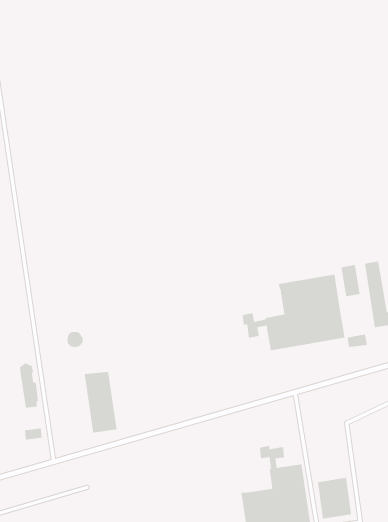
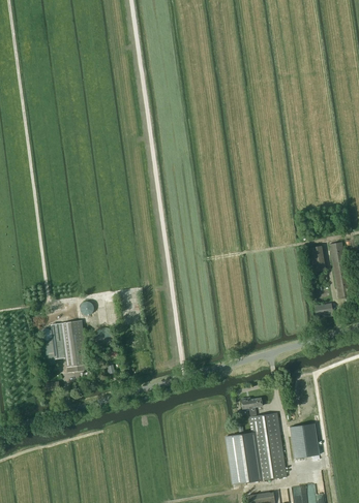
building: [242,274,345,351] -> none
building: [84,371,117,433] -> [60,321,88,373]

